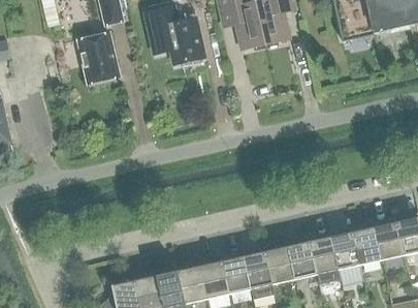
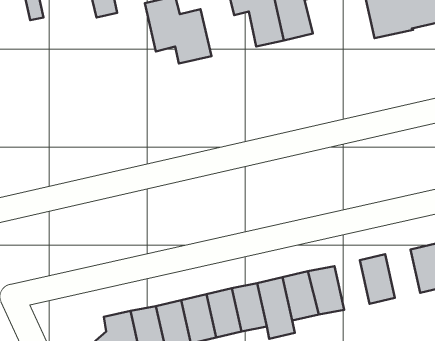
building: [78,33,119,84] -> none
building: [352,223,382,265] -> none
building: [309,233,341,284] -> none

